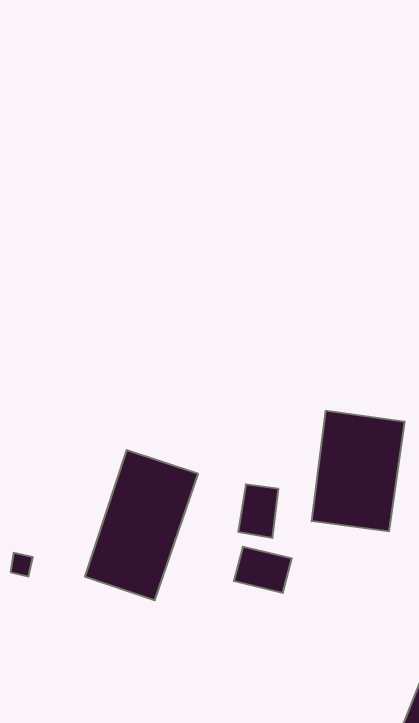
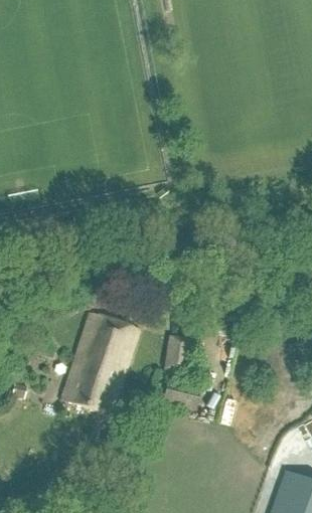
building: [312,411,404,531] -> none

